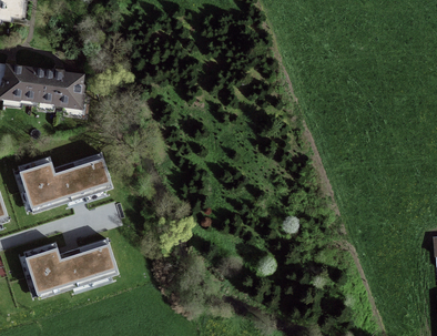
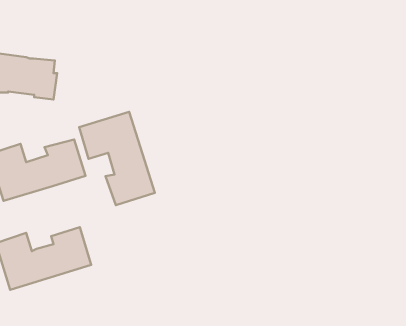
building: none -> [79,112,155,205]

